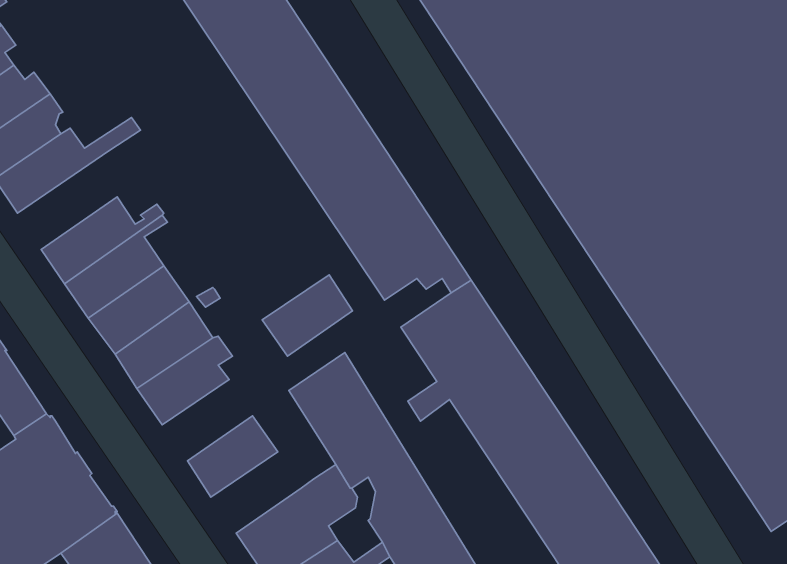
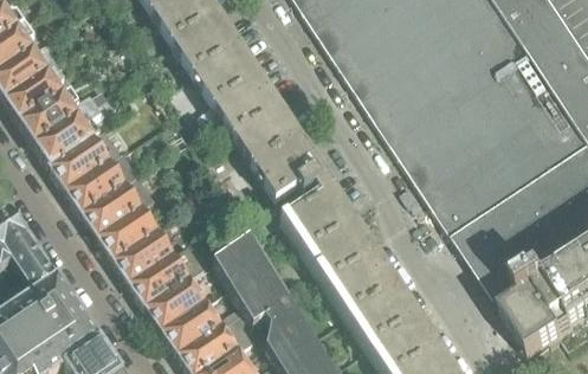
building: none -> [37,80,135,167]
building: [262,275,353,356] -> [131,252,190,305]
building: none -> [163,299,222,353]

